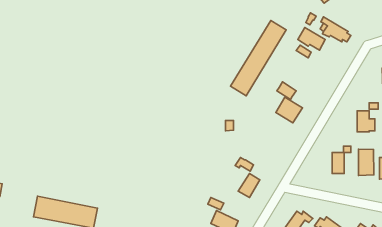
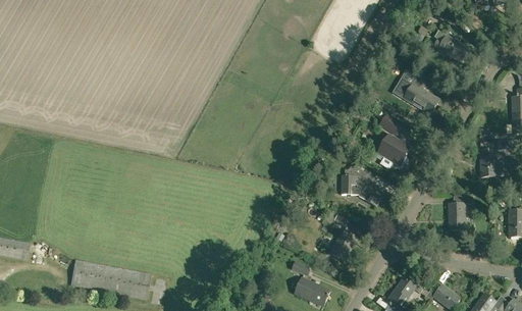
building: [230,20,286,96] -> none
building: [298,28,325,50] -> [405,84,439,112]
building: none -> [342,163,389,206]
building: [359,149,374,175] -> none

